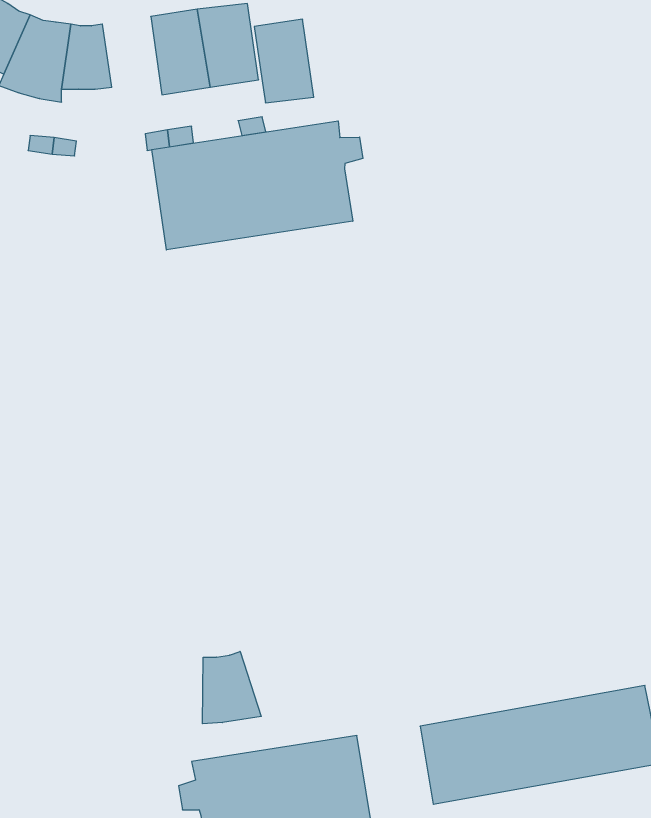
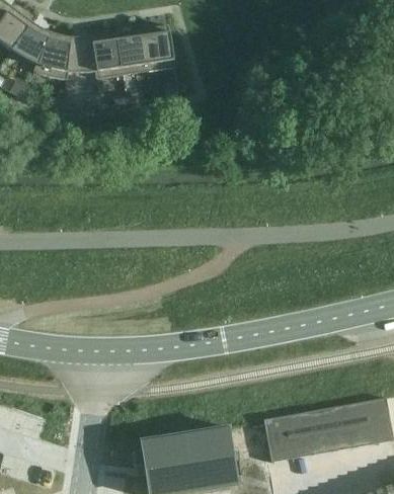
building: [254,19,314,103] -> [91,32,124,78]
building: [152,121,363,250] -> none
building: [203,651,261,724] -> none

